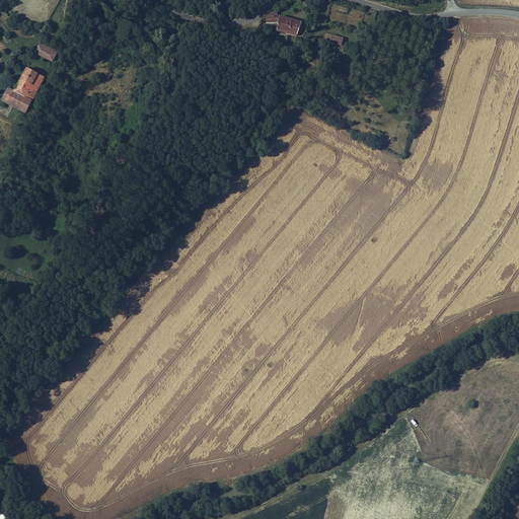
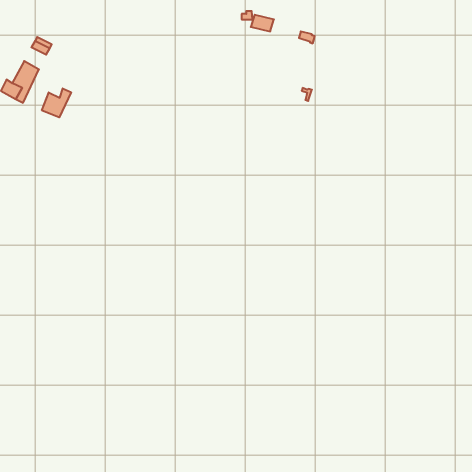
building: none -> [42,88,71,117]

